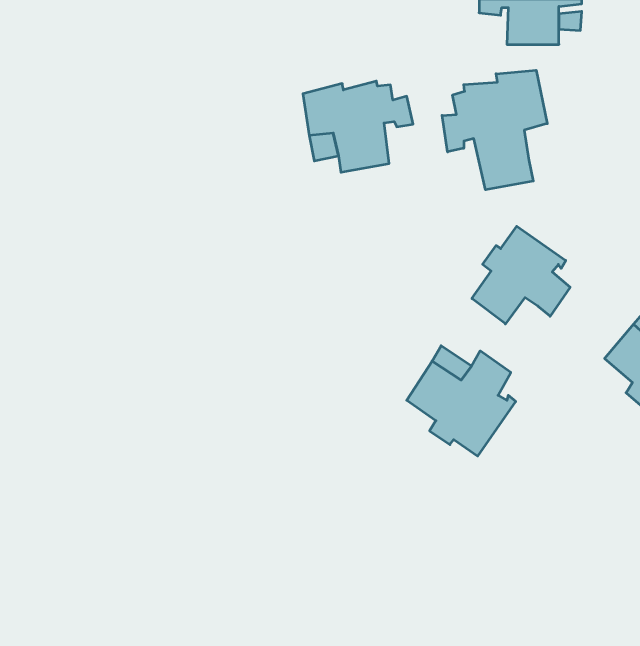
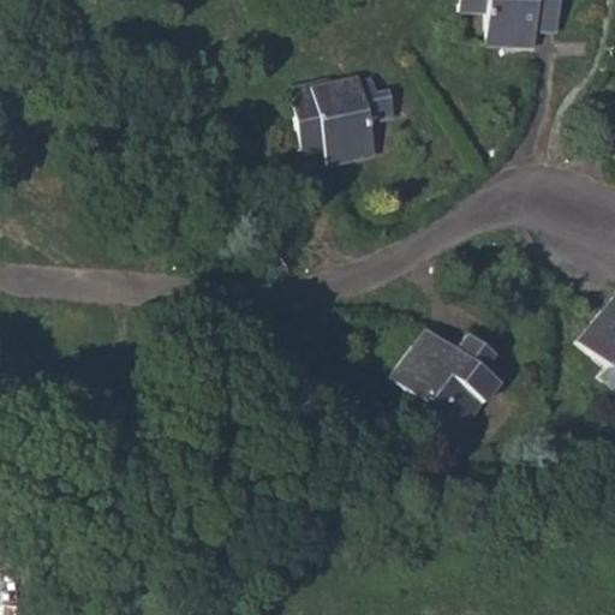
building: [442,70,547,190] -> none
building: [472,226,570,324] -> none

